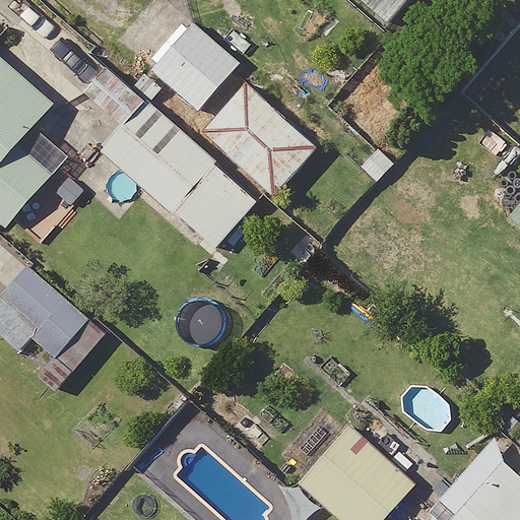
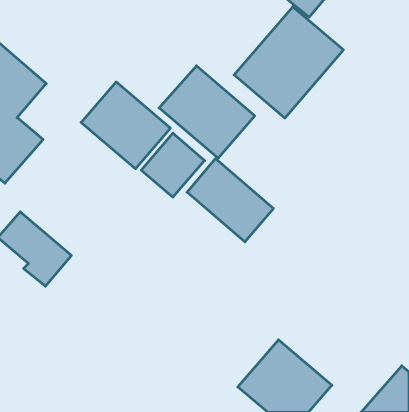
building: none -> [234,7,343,118]
building: [146,20,238,113] -> none
building: none -> [187,159,273,242]

